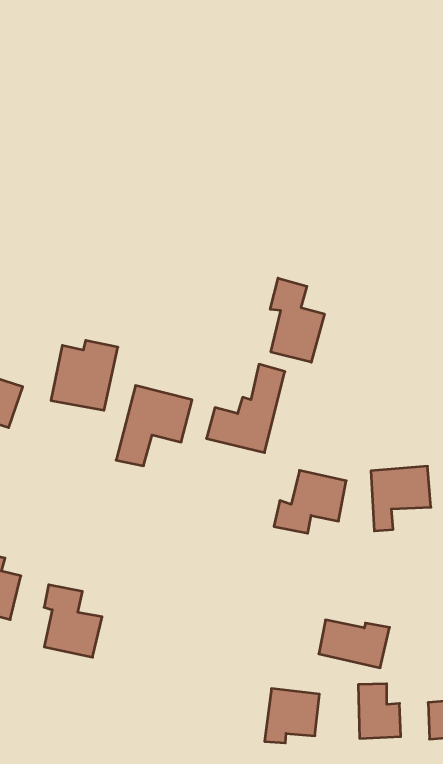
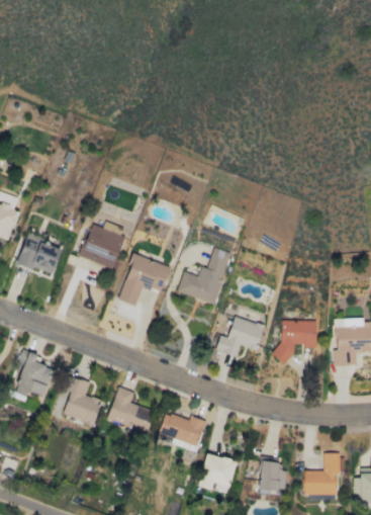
building: [270,278,324,362] -> none
building: none -> [107,388,154,433]
building: [319,620,390,668] -> [159,413,205,446]

